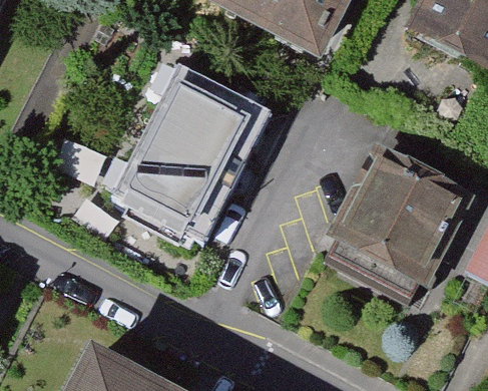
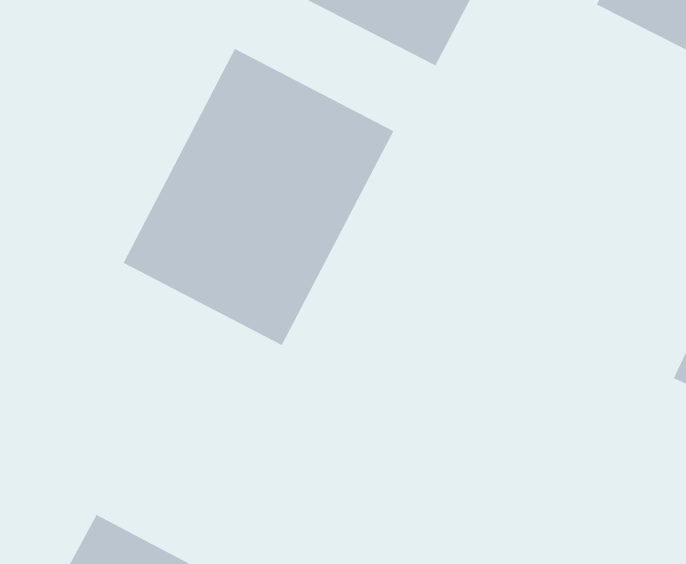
building: [325,160,464,300] -> none

